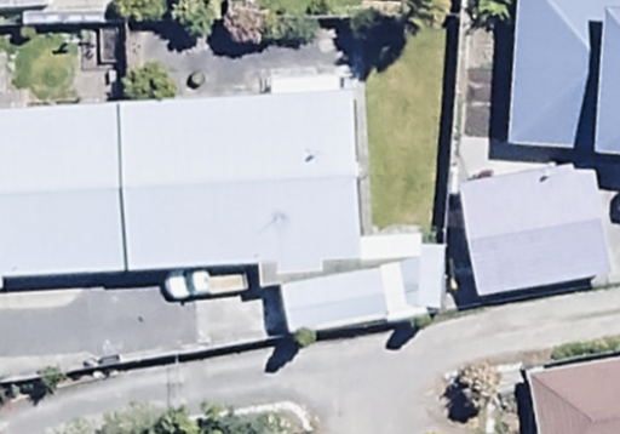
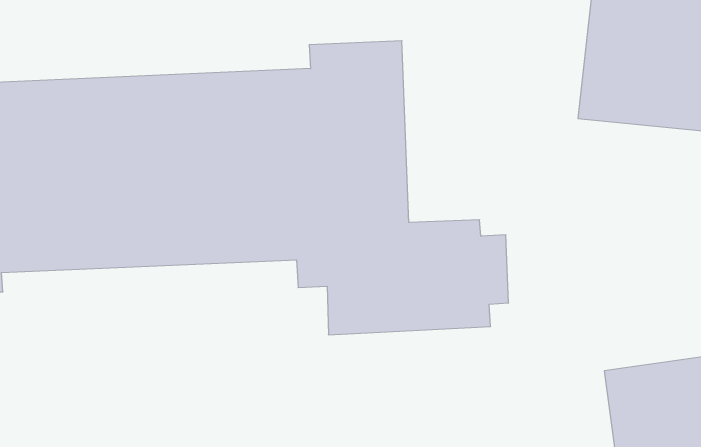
building: [463,167,608,292] -> none

